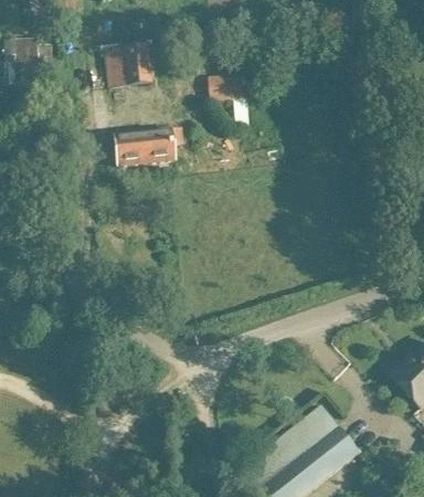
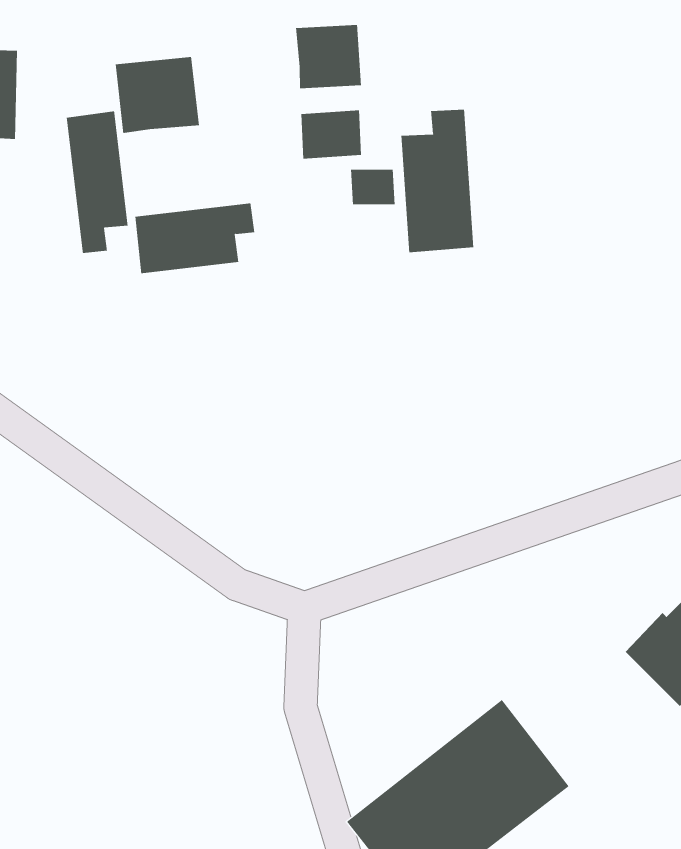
building: none -> [295,24,362,89]
building: none -> [401,109,474,253]
building: none -> [66,110,128,254]

